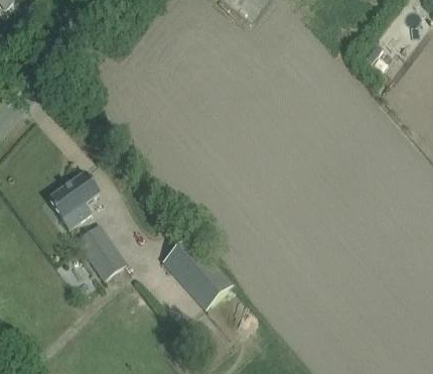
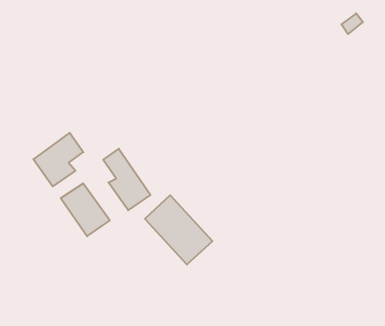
building: none -> [103,149,150,210]

